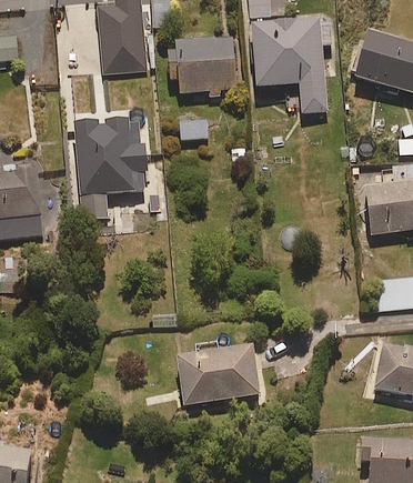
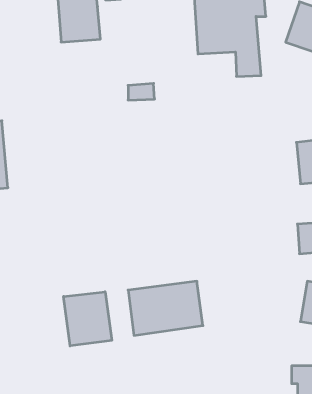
building: [169,38,236,97] -> none
building: [73,117,151,195] -> none
building: none -> [64,292,112,346]

